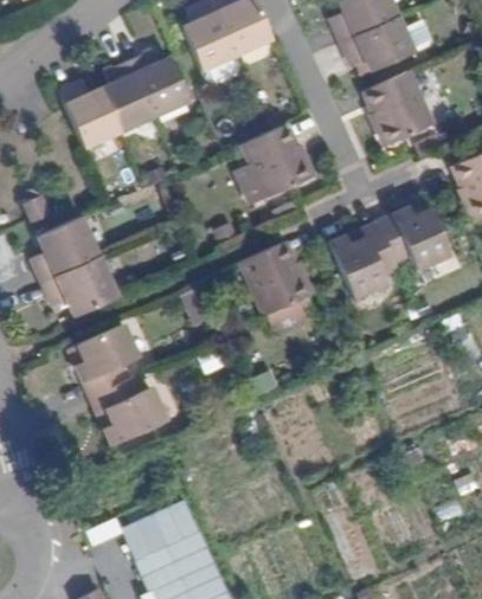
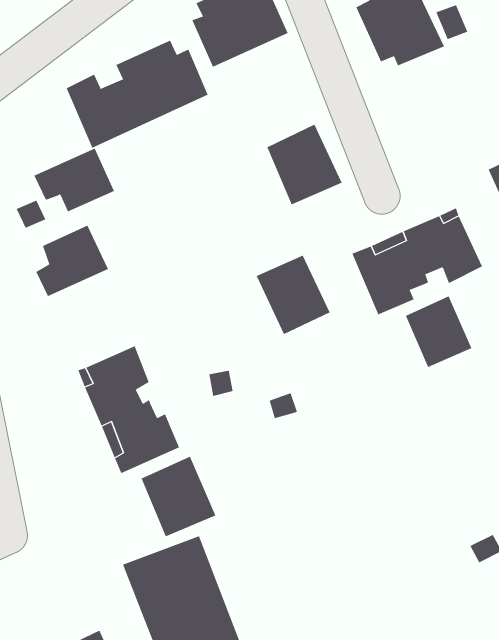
building: [356,76,425,150] -> none
building: [50,258,123,316] -> [34,148,115,212]
building: none -> [405,295,472,368]
building: none -> [141,456,216,537]

